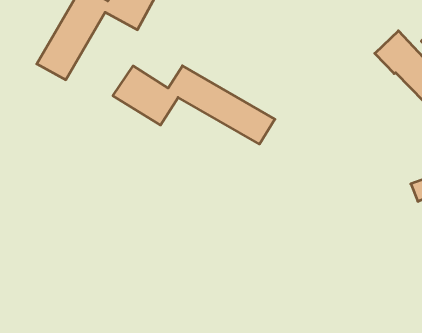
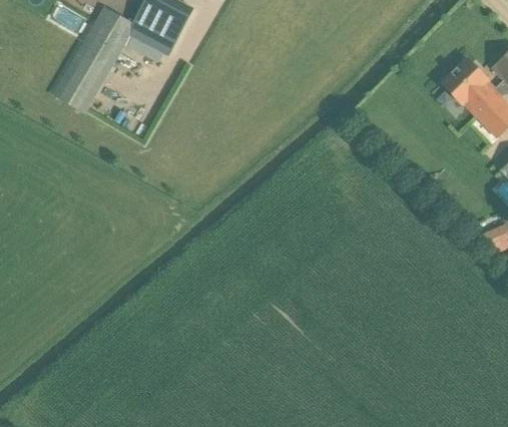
building: [113,66,275,144] -> none

